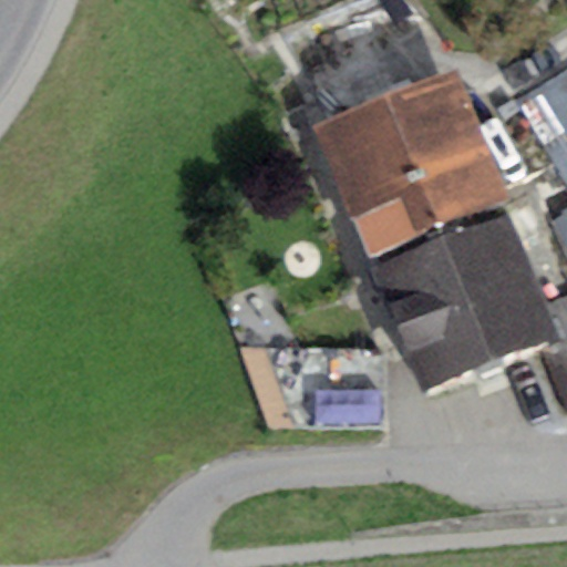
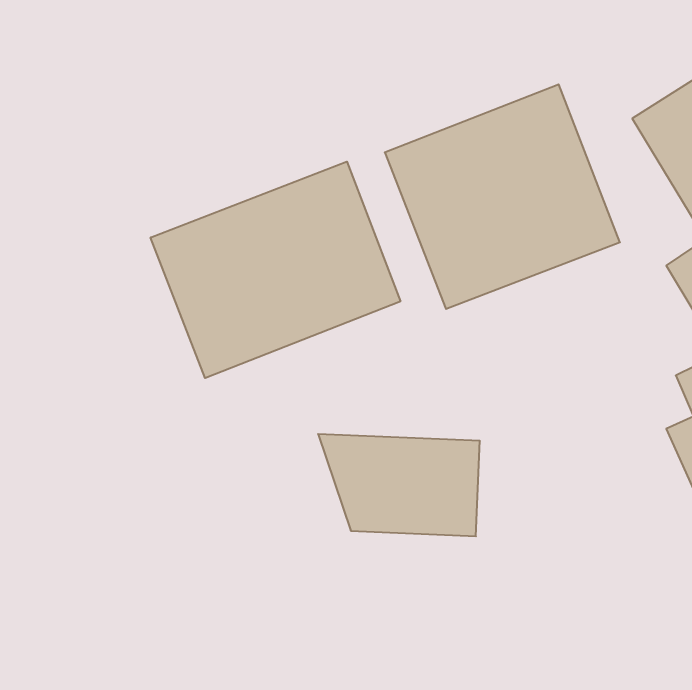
building: none -> [151,162,400,378]
building: [374,215,556,388] -> none

